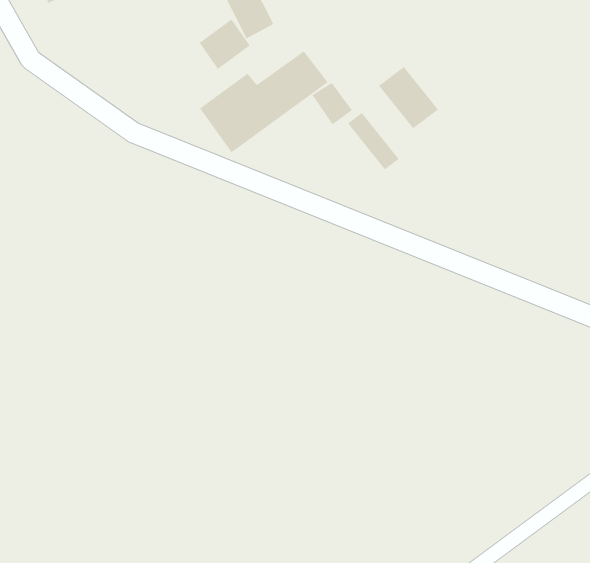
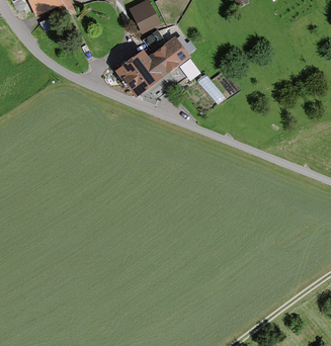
building: [199,18,251,70] -> none
building: [378,66,439,129] -> none

